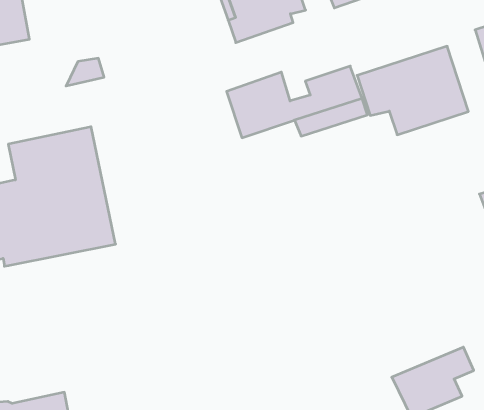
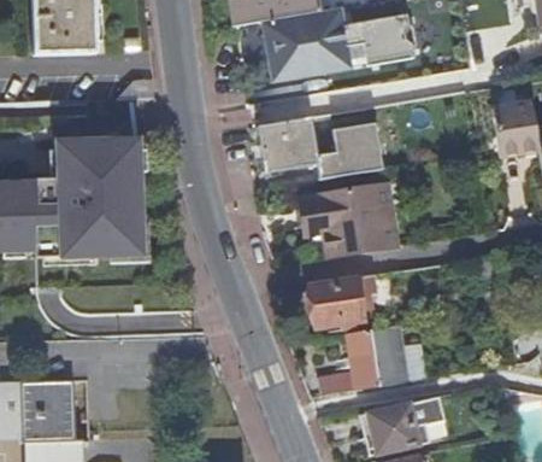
building: [357,46,468,135] -> [301,183,397,257]
building: none -> [310,275,376,327]
building: none -> [319,324,411,394]

